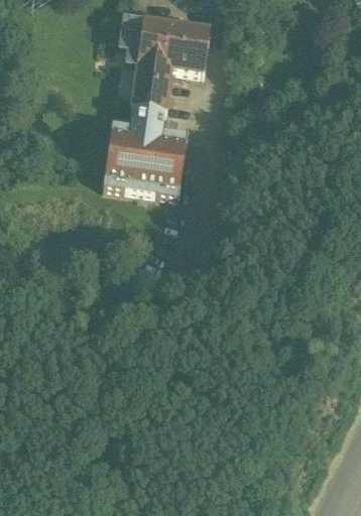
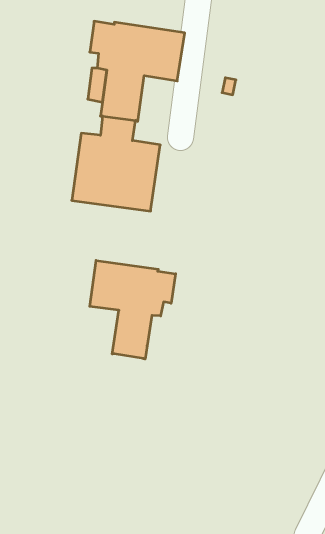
building: none -> [90,260,176,359]

